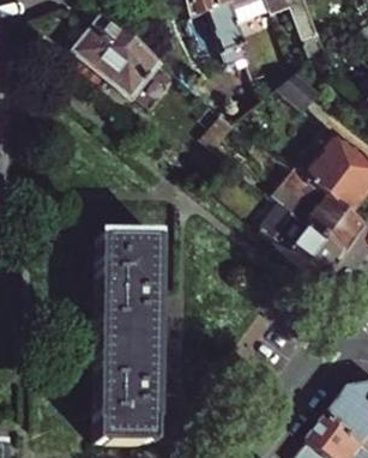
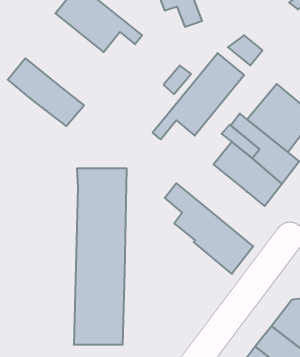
building: none -> [153,53,244,139]
building: none -> [8,58,84,126]
building: none -> [165,183,253,274]

